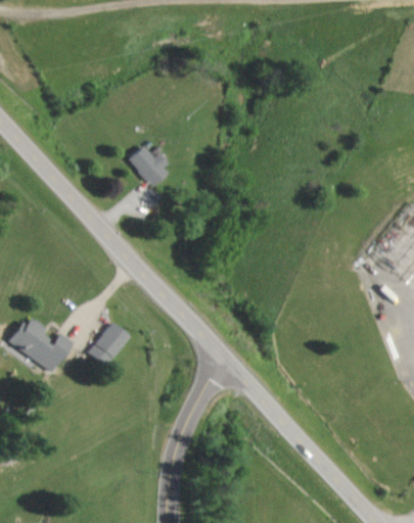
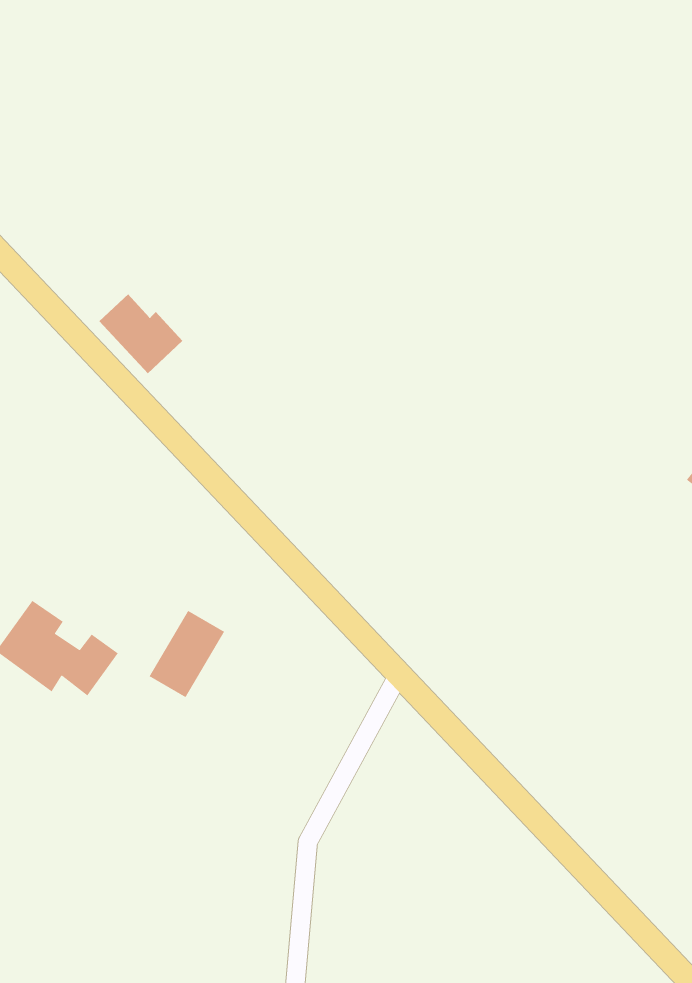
building: [129,145,173,187] -> [99,294,183,374]

